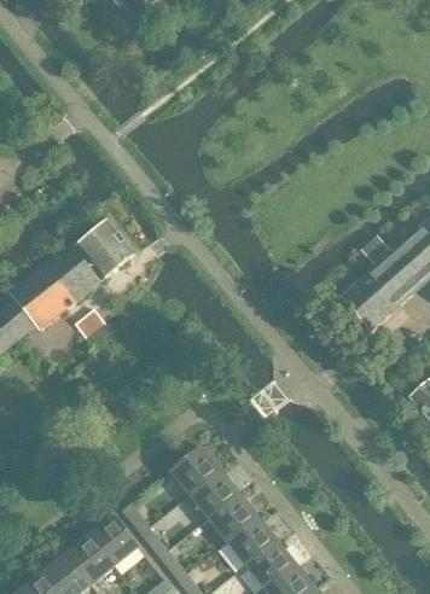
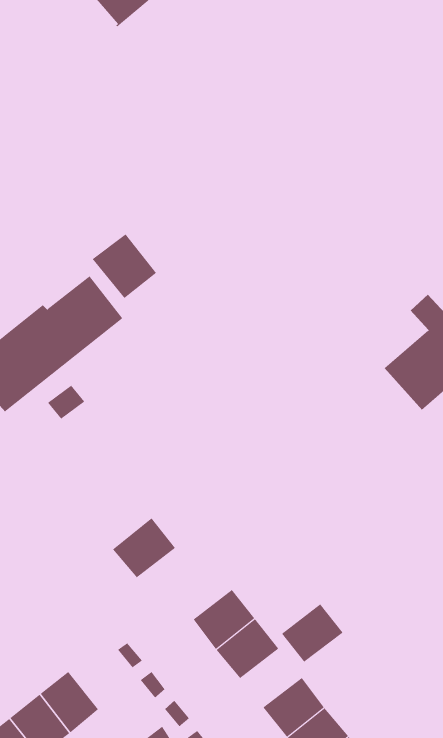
building: none -> [92,233,157,299]
building: [170,447,221,495] -> [112,518,176,578]
building: [91,517,139,566] -> none
building: [227,518,277,565] -> [281,604,343,663]

